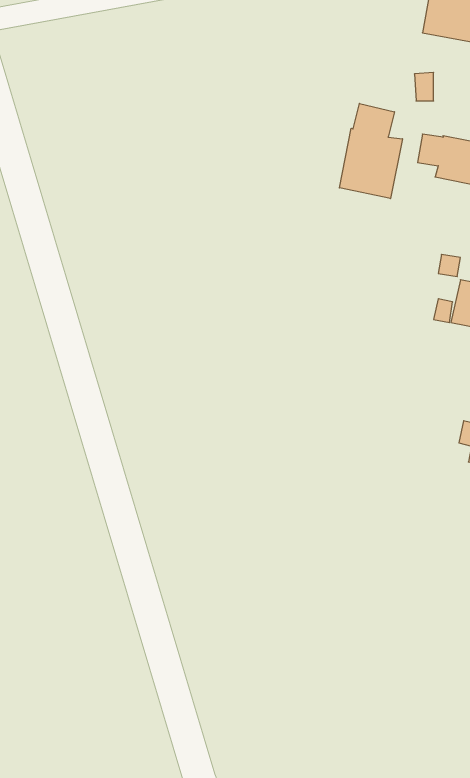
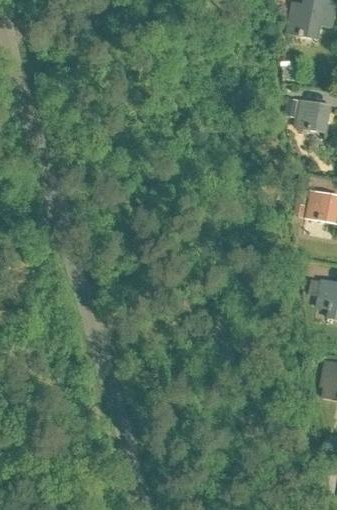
building: [339,103,402,199] -> none

